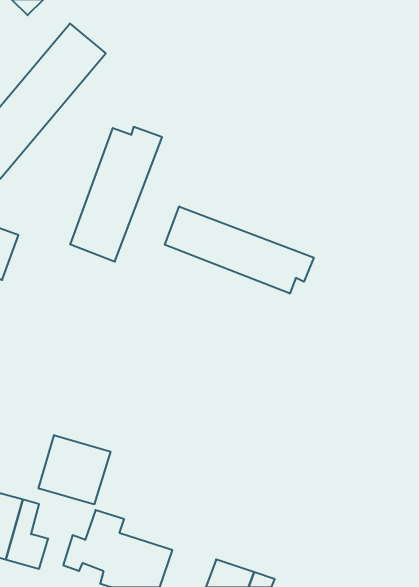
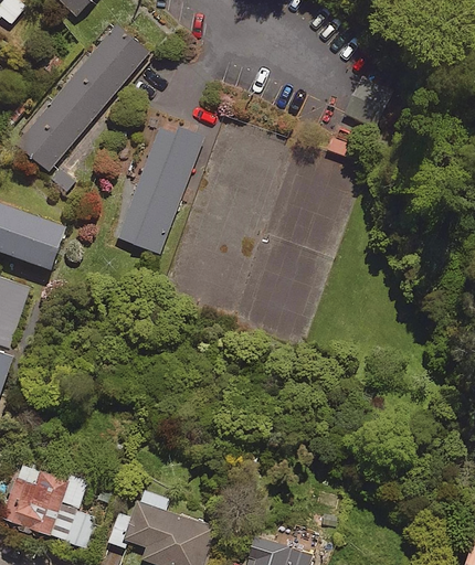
building: [165,206,314,294] -> none
building: [39,435,110,504] -> none

